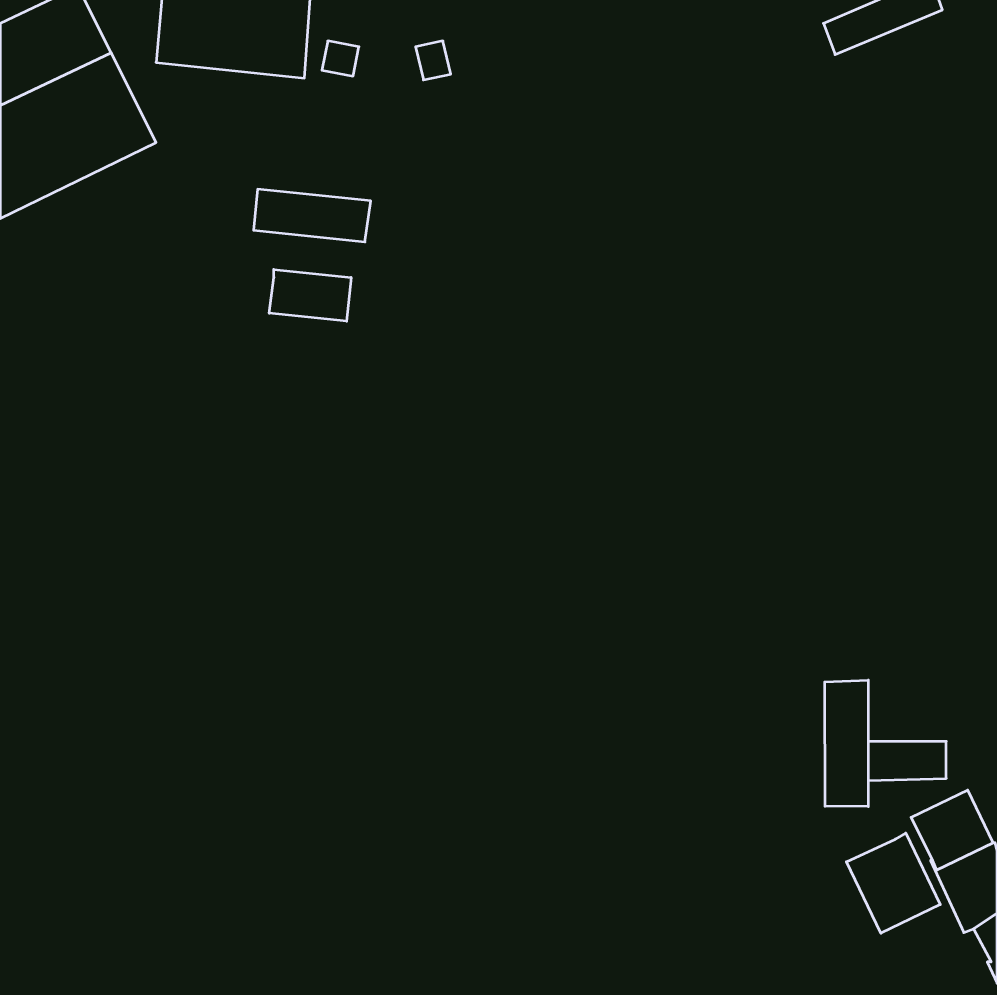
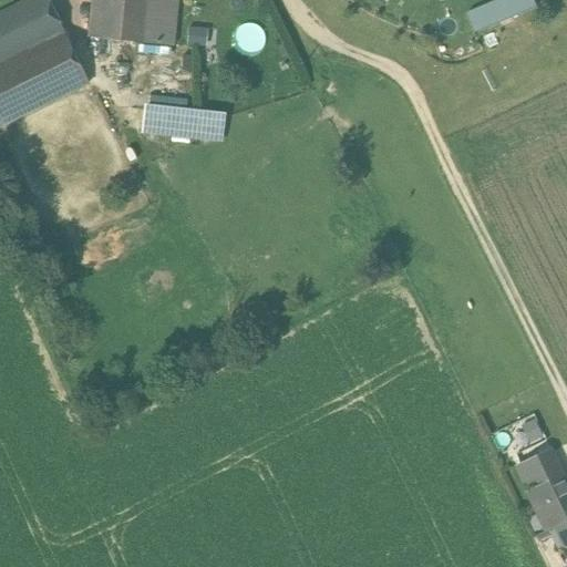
building: [269,269,351,321] -> none
building: [825,680,868,807] -> none
building: [846,833,940,933] -> none

